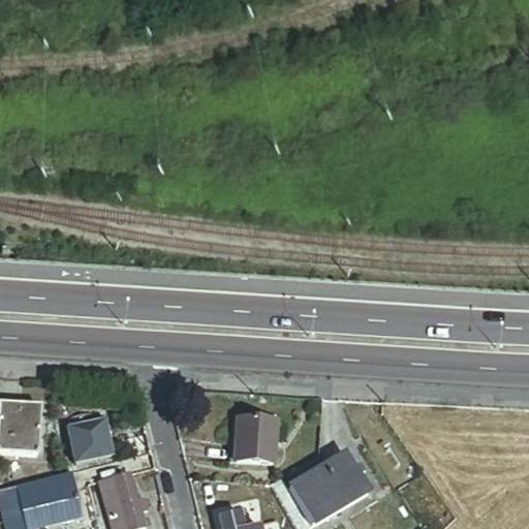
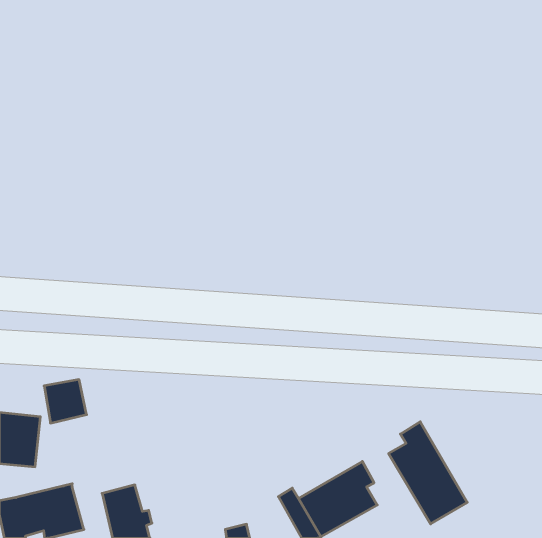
building: none -> [389,422,467,524]
building: [236,416,275,461] -> none
building: [68,419,110,462] -> [44,380,87,423]

